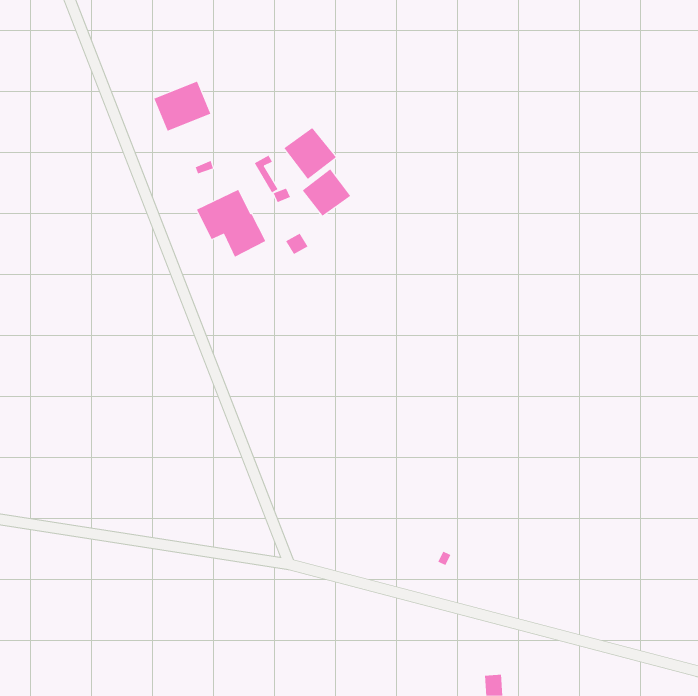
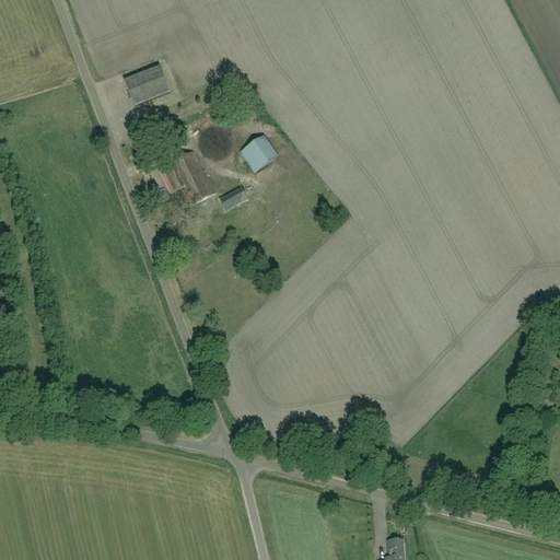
building: [283,127,337,180] -> none

